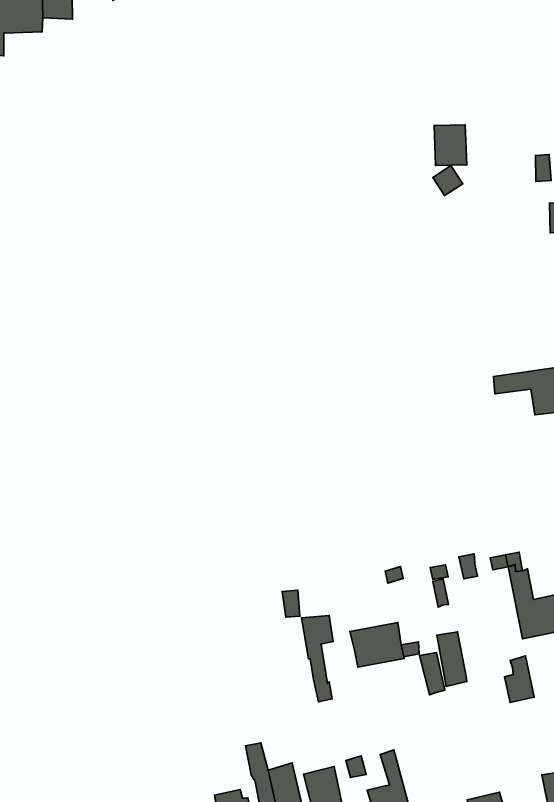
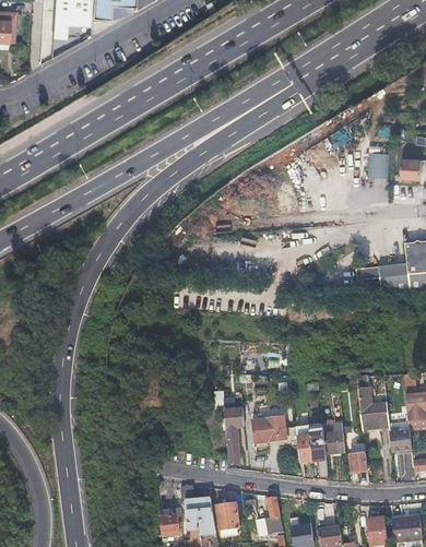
building: [434,125,467,166] -> [369,151,390,177]
building: none -> [323,425,345,452]

